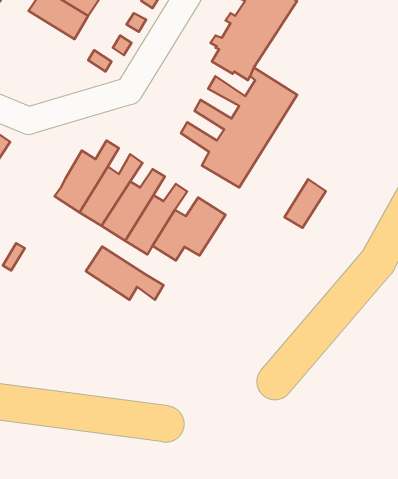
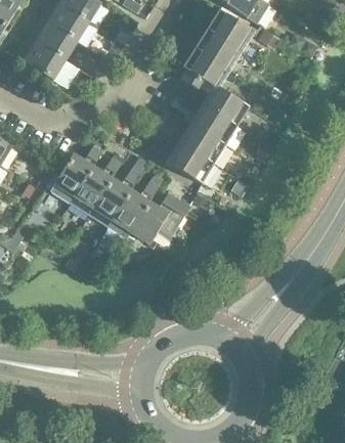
building: none -> [16,37,75,85]
building: [284,179,326,228] -> none
building: [86,247,164,300] -> none

